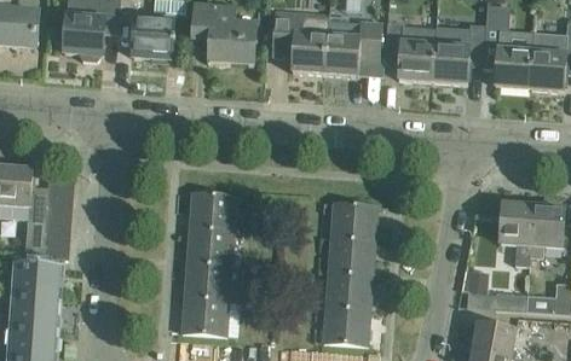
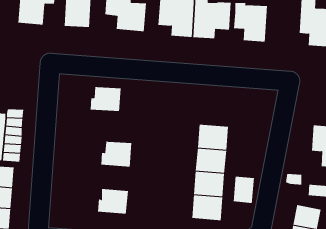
building: [432,24,484,83] -> none
building: [189,193,236,231] -> [90,86,121,112]
building: [184,263,231,302] -> none
building: none -> [233,176,254,204]

